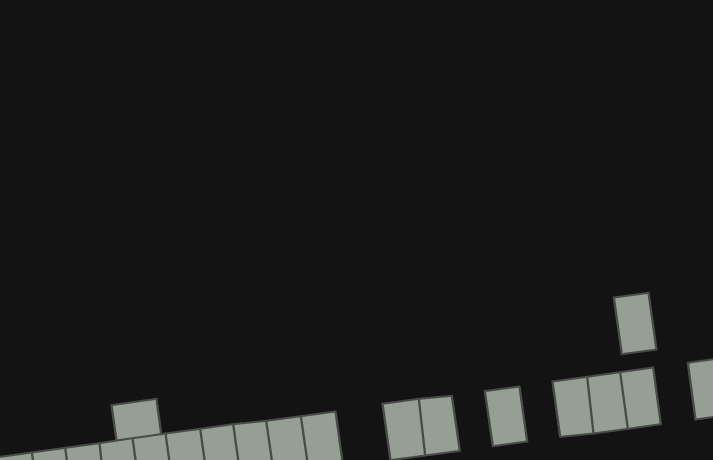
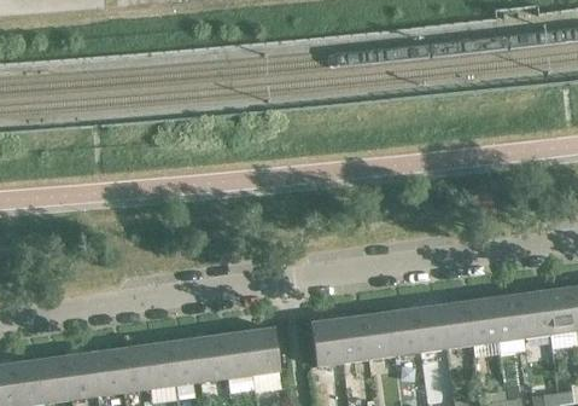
building: [614,293,656,354] -> [516,291,549,338]
building: none -> [414,306,445,352]
building: none -> [362,313,393,359]
building: [112,399,161,440] -> none

